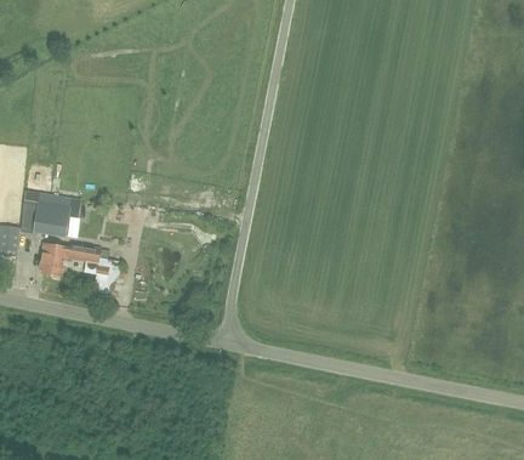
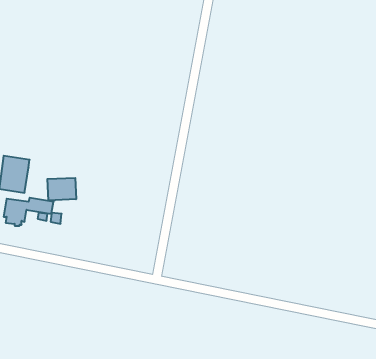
building: none -> [47,178,76,200]

